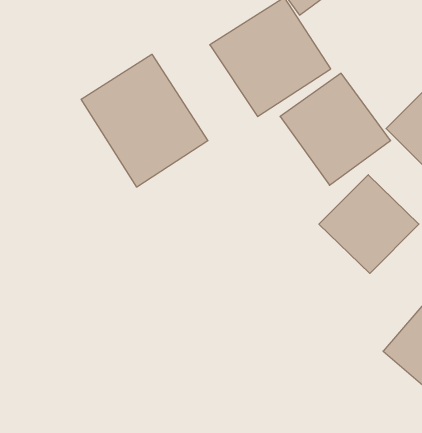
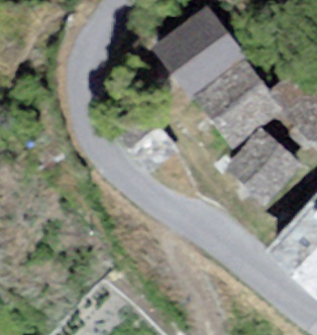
building: [81,54,208,187] -> none

